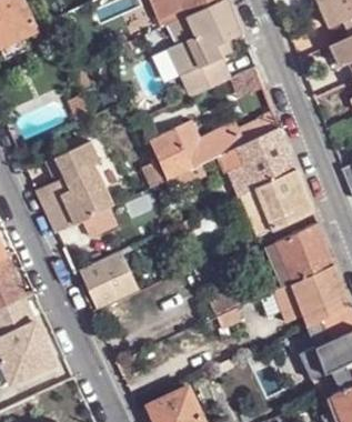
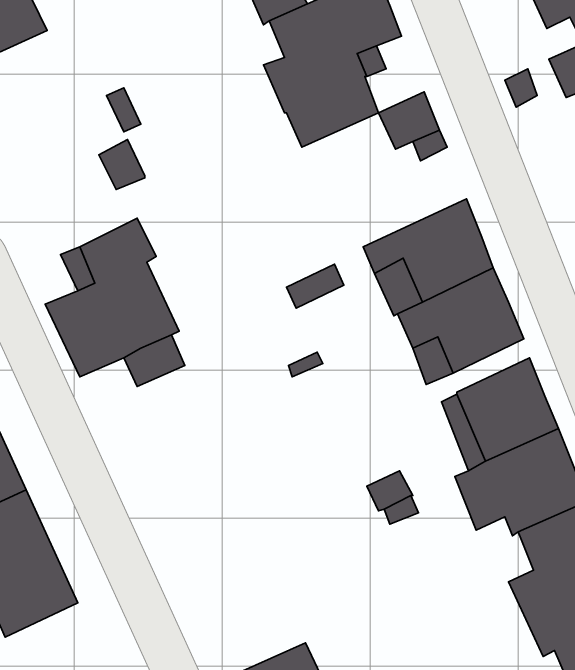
building: [149,115,279,181] -> none
building: [73,250,140,313] -> none

